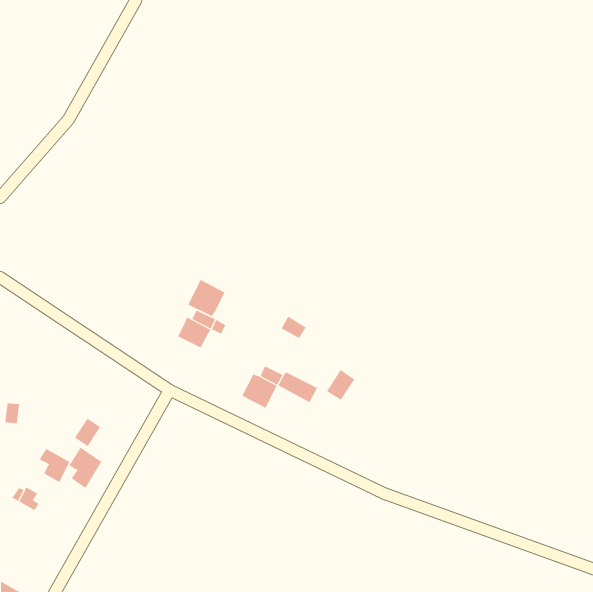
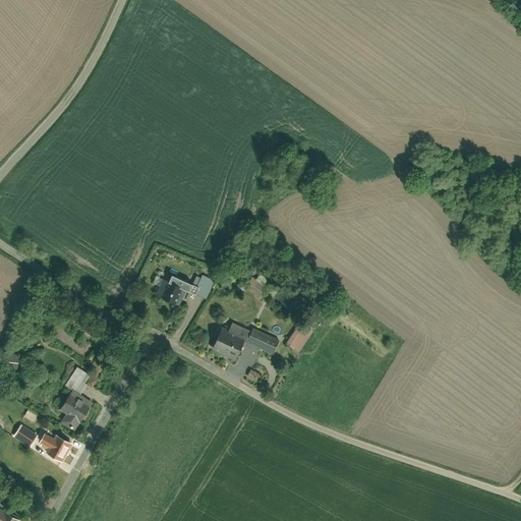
building: [188,279,225,317] -> none
building: [39,448,70,483] -> [43,431,70,462]

